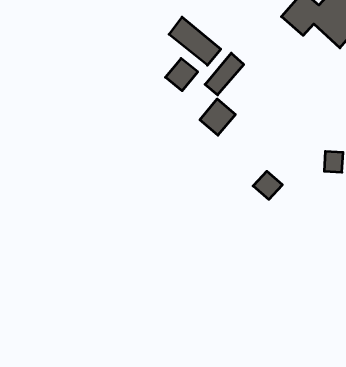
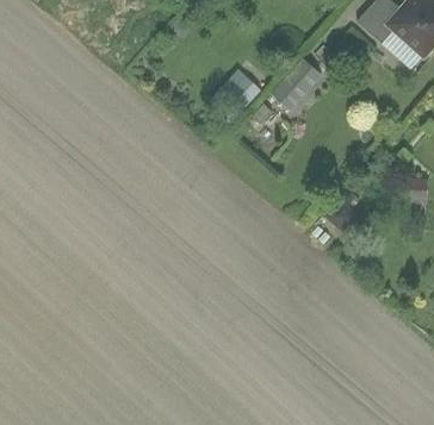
building: [169,17,221,65] -> none
building: [200,99,235,135] -> none

